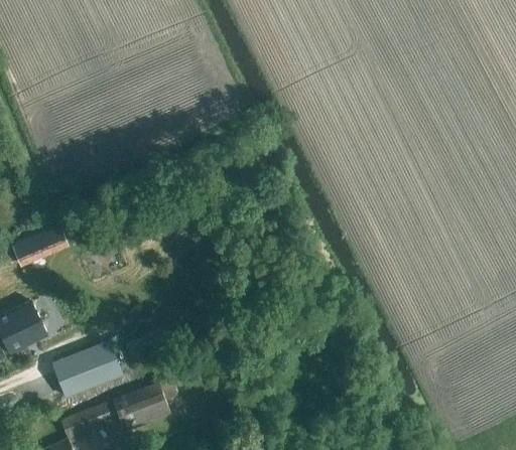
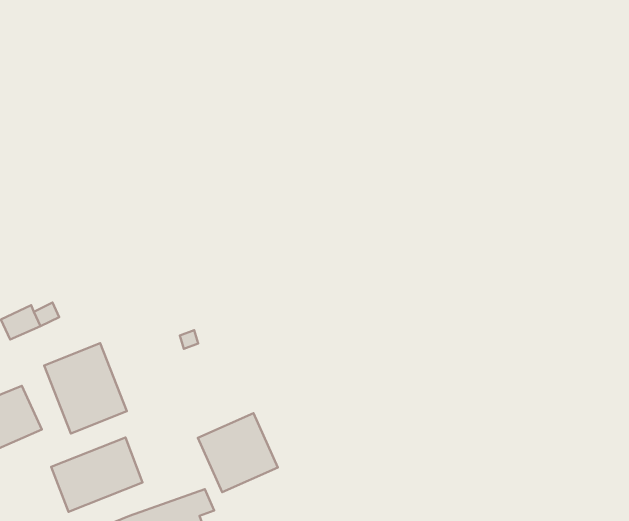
building: none -> [44,343,127,434]
building: none -> [198,413,278,492]

